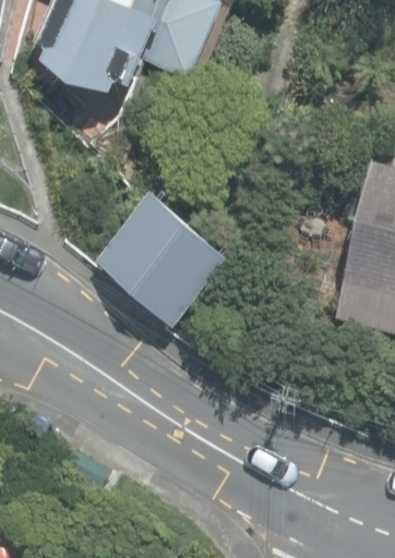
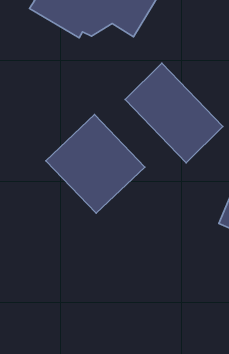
building: none -> [125,63,223,163]

